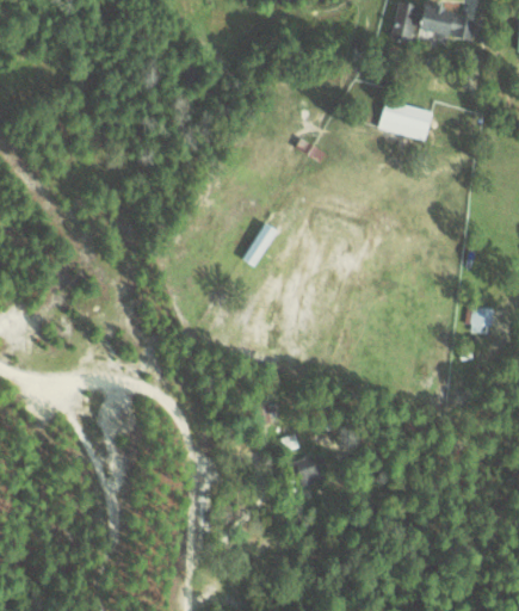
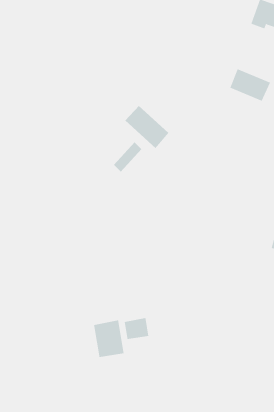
building: none -> [125,105,169,149]
building: none -> [93,320,124,358]

